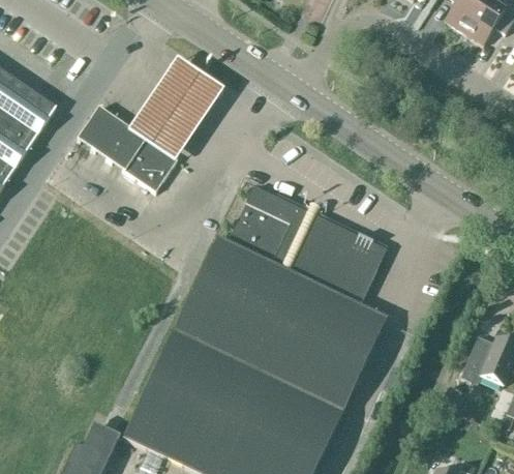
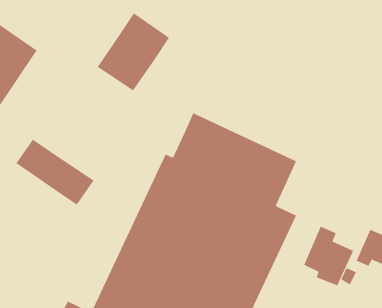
building: [77,106,177,190] -> [16,139,94,206]
building: none -> [303,226,354,286]

